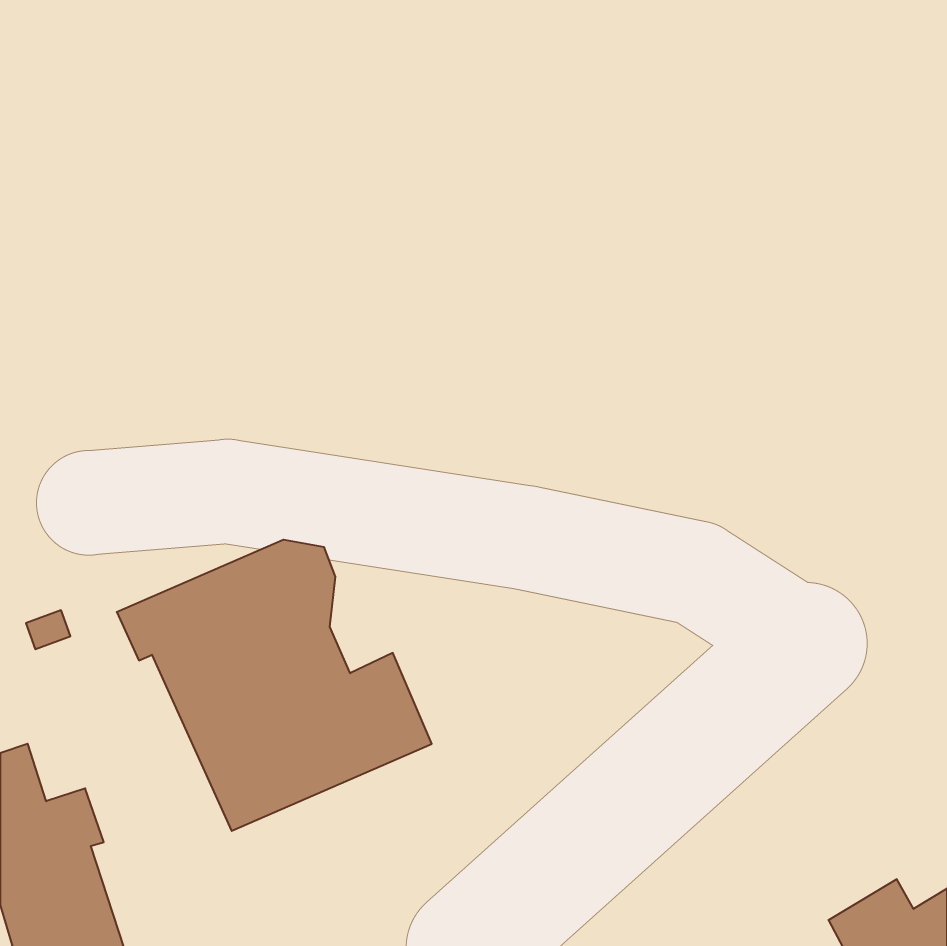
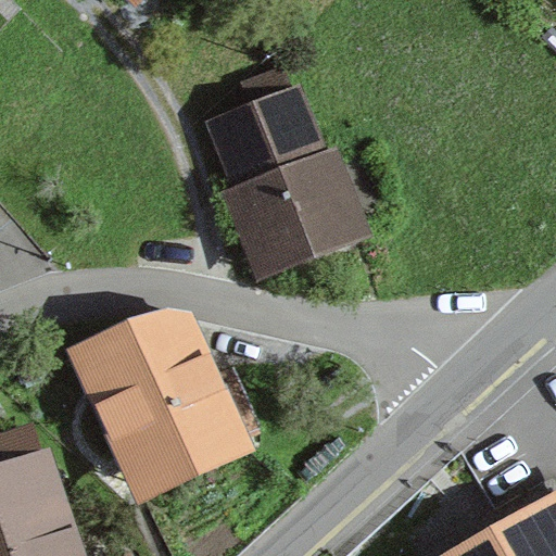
building: none -> [219,74,346,267]

